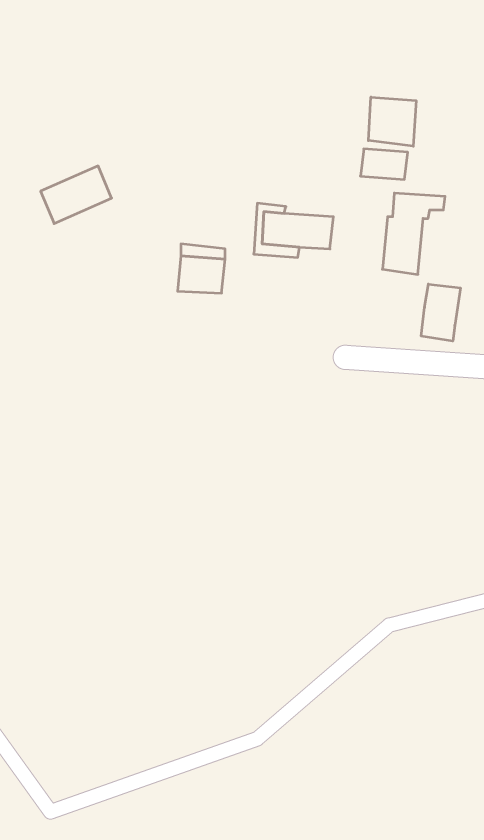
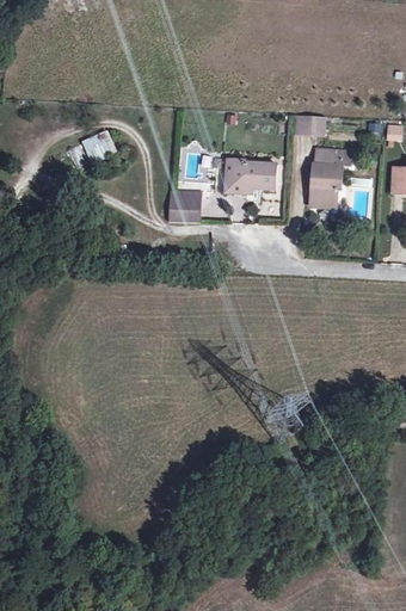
building: [368,97,416,146] -> none
building: [421,284,460,341] -> none

